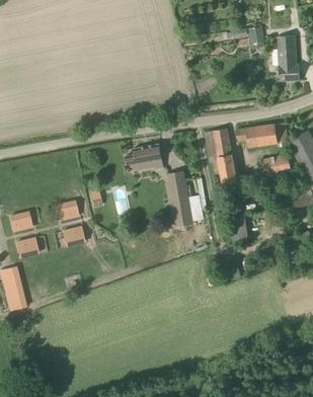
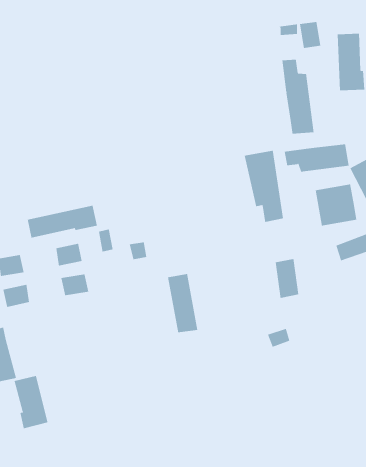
building: none -> [282,59,314,134]
building: [126,144,163,173] -> none
building: none -> [27,205,98,238]
building: [169,180,193,227] -> [167,273,198,333]
building: none -> [14,375,48,429]

